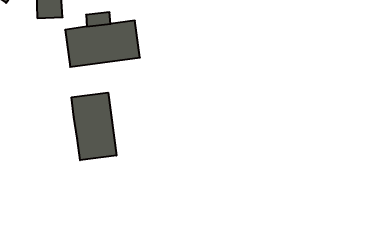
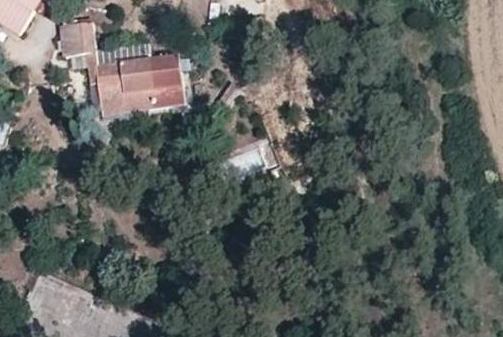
building: [72,93,116,160] -> none

